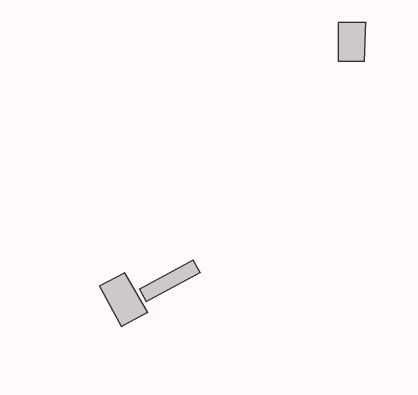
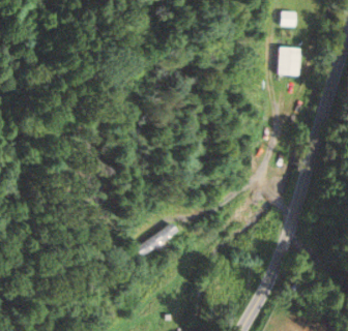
building: [100,273,148,327] -> none

